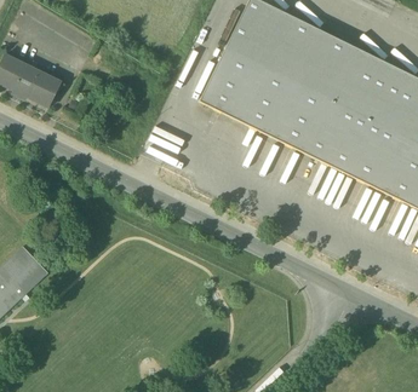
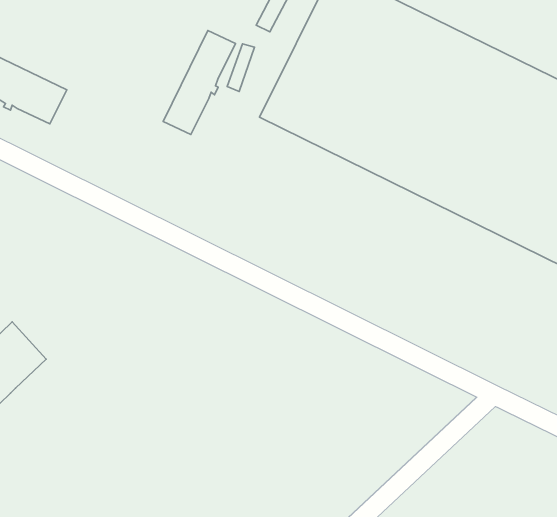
building: none -> [163,31,236,134]

